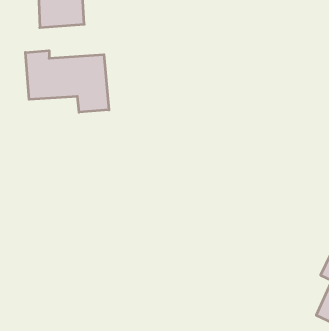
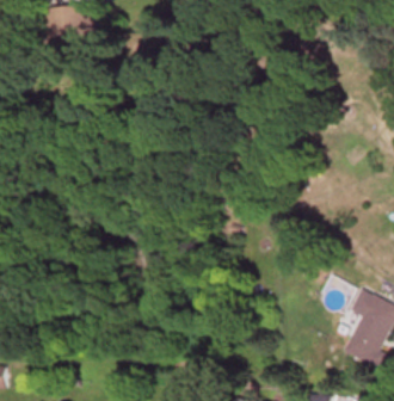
building: [25,51,109,112] -> none

